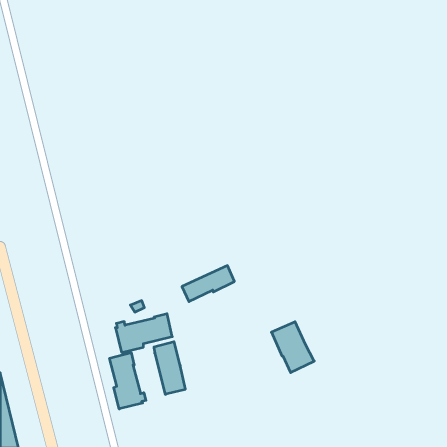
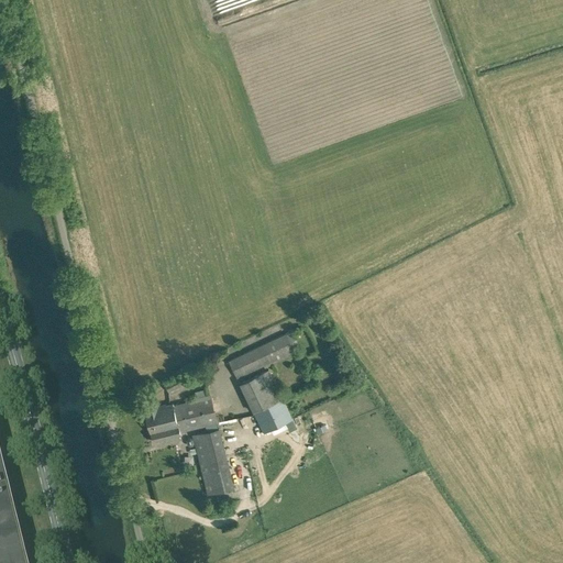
building: [271,322,314,373] -> [240,371,294,434]
building: [110,353,146,409] -> none

